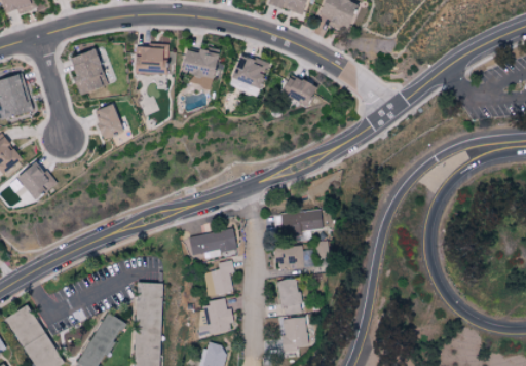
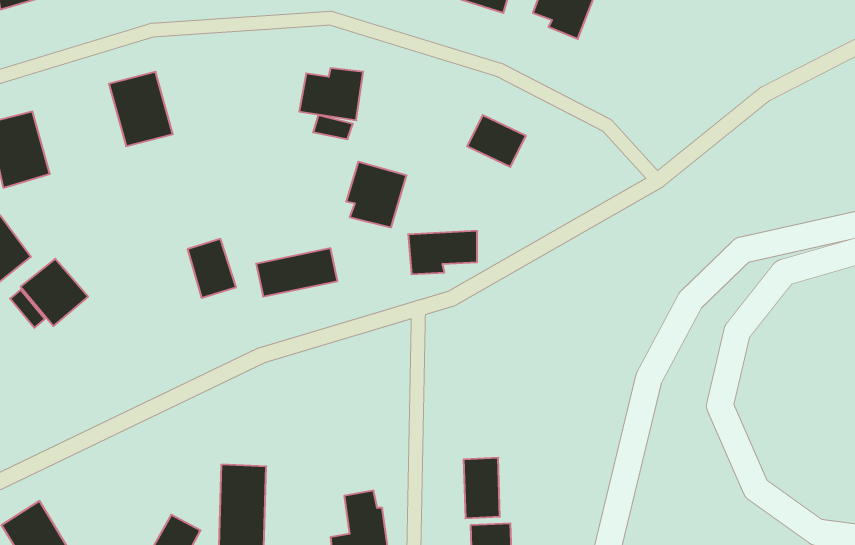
building: [135,43,167,74] -> none
building: [232,54,268,94] -> [346,162,407,227]
building: [93,104,122,139] -> [188,239,236,298]
building: [280,211,322,236] -> [408,231,477,274]
building: [188,228,236,257] -> [256,248,337,297]
building: [275,247,303,269] -> none
building: [204,260,237,296] -> none

